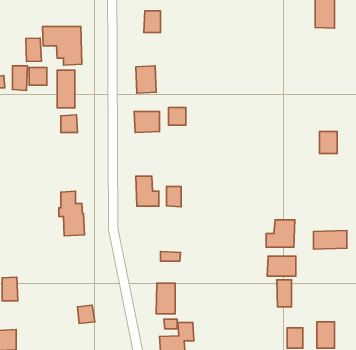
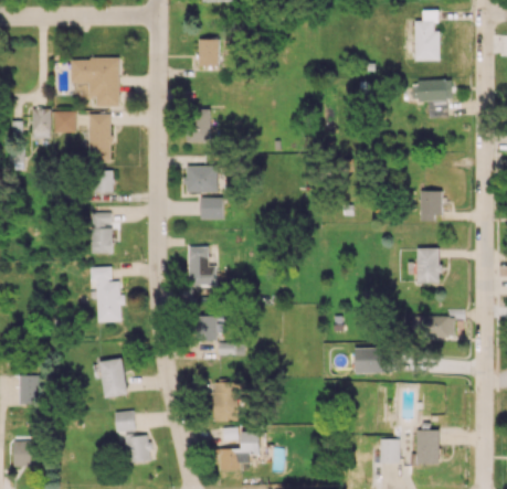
building: [26,38,42,62] -> none
building: none -> [411,81,452,117]
building: [168,108,186,125] -> [200,198,222,220]
building: none -> [92,212,113,253]
building: none -> [416,247,440,283]
building: [166,187,181,207] -> [198,316,216,341]
building: [266,220,295,247] -> none
building: none -> [99,358,127,397]
building: [277,280,292,307] -> none
building: none -> [125,435,149,461]

